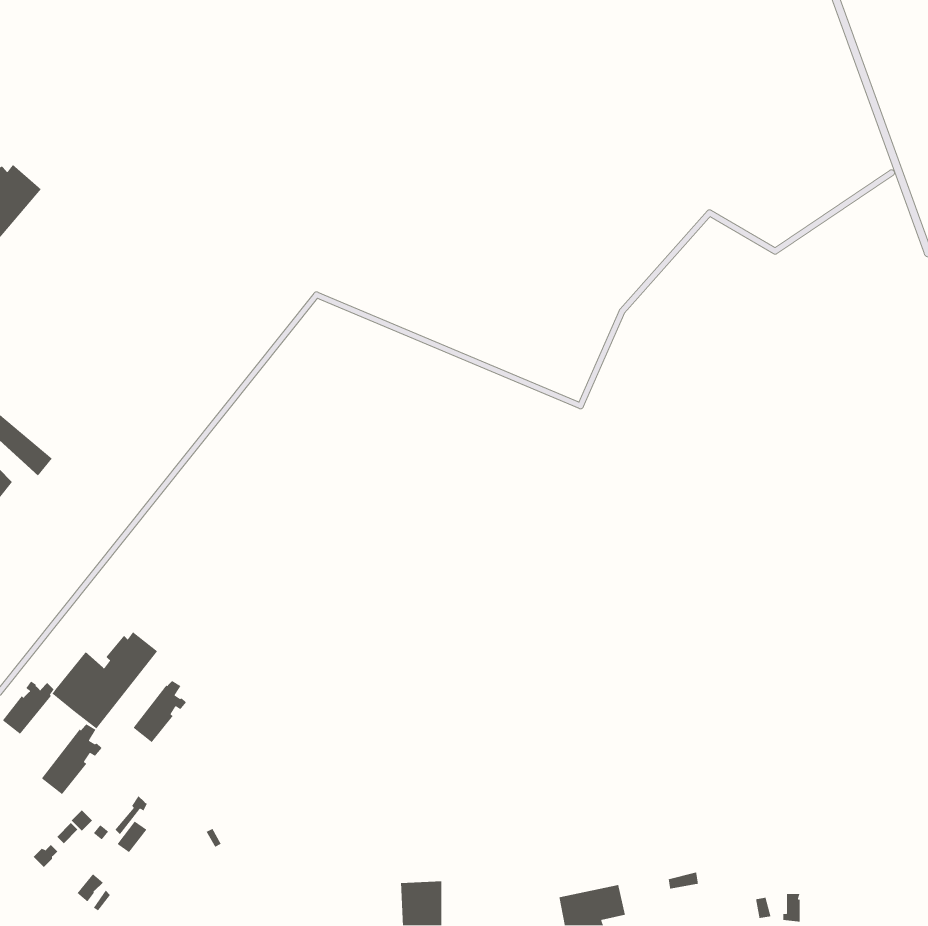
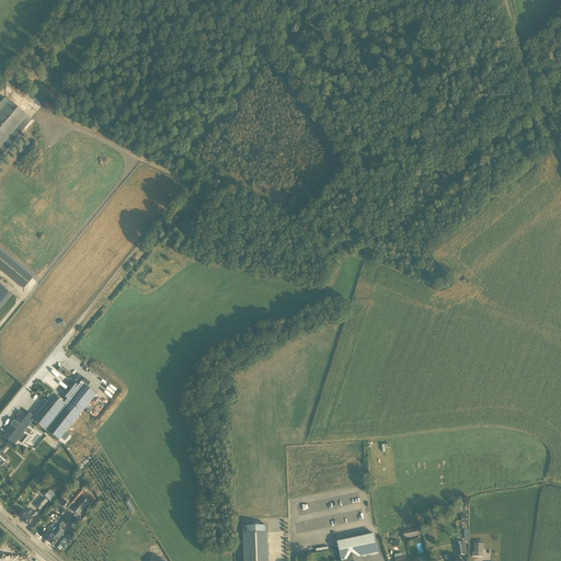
building: [132,680,187,743] -> none
building: [41,723,102,795] -> none

